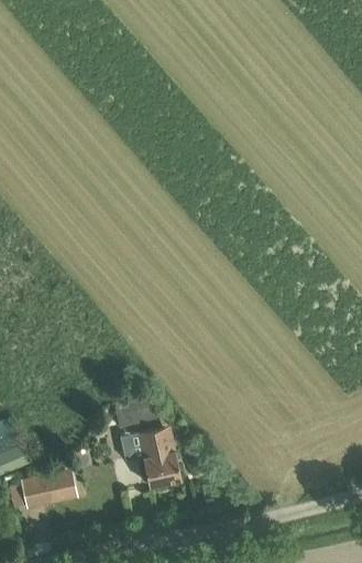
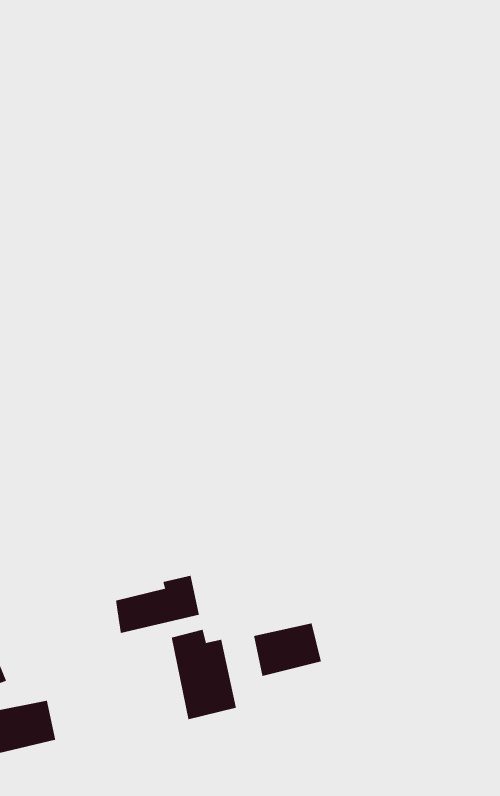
building: none -> [253,623,322,677]

